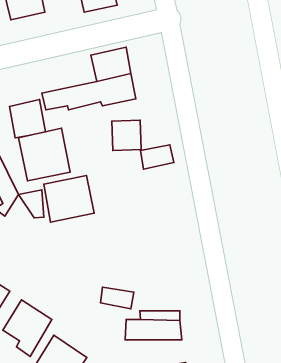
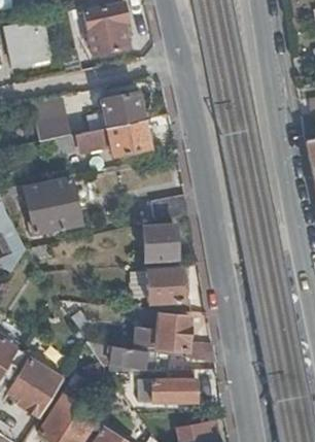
building: [9,100,46,138] -> [31,102,69,142]
building: [112,120,141,150] -> [145,226,176,258]
building: [44,175,94,222] -> none
building: none -> [147,270,182,302]
building: none -> [133,314,215,362]

